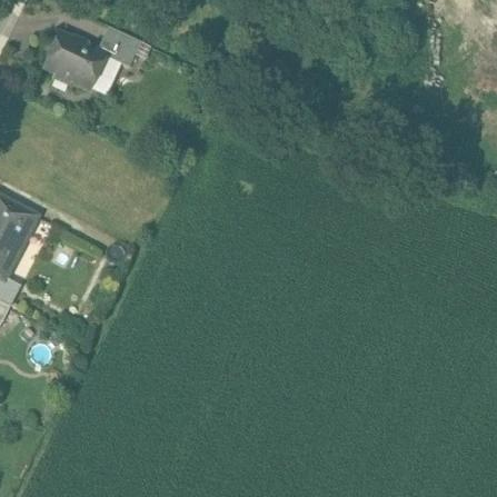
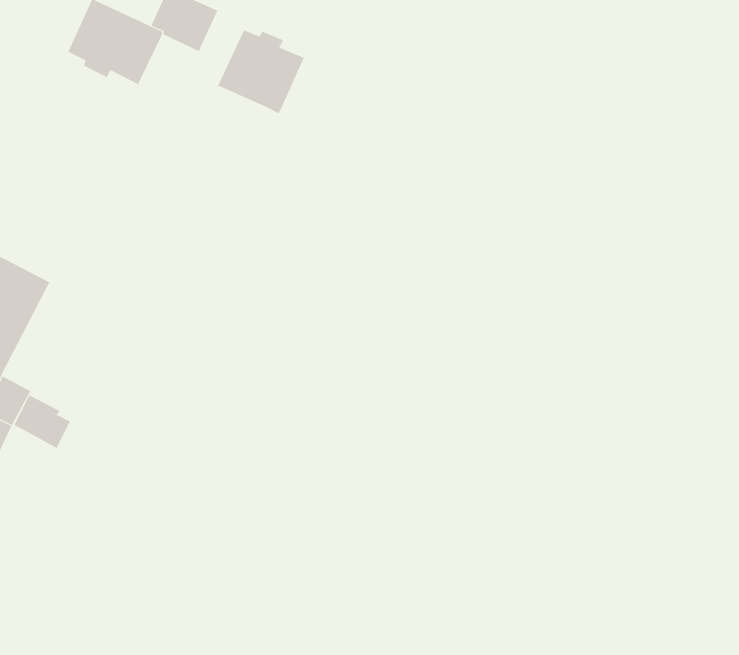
building: none -> [218,30,305,114]
building: none -> [14,394,71,449]

